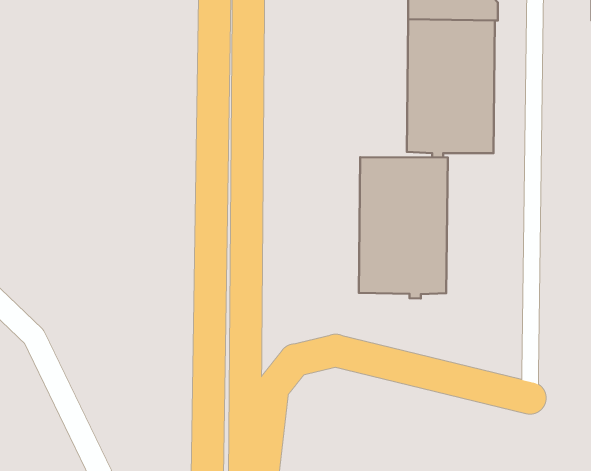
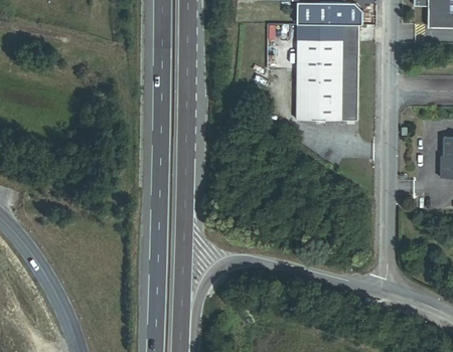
building: [359,157,448,298] -> none

